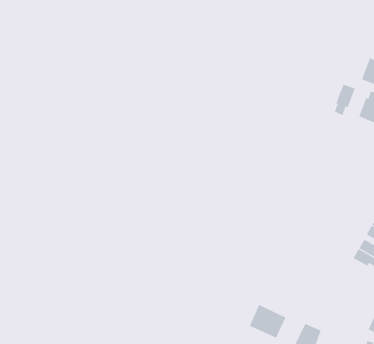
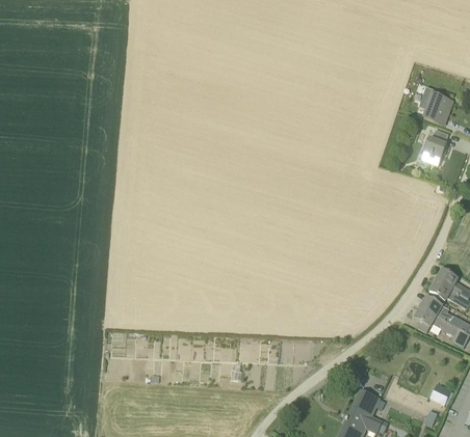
building: [334,84,355,116] -> none
building: [249,304,286,338] -> none

